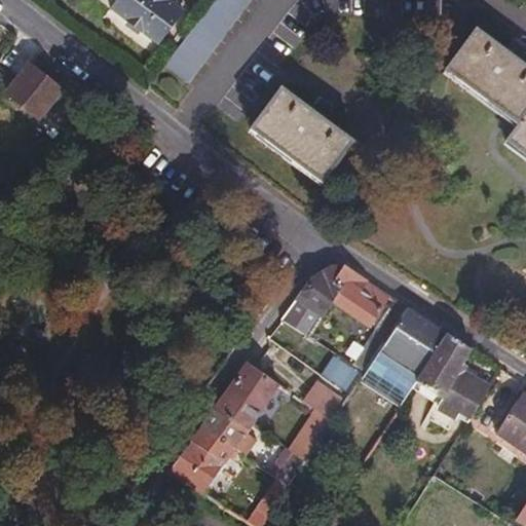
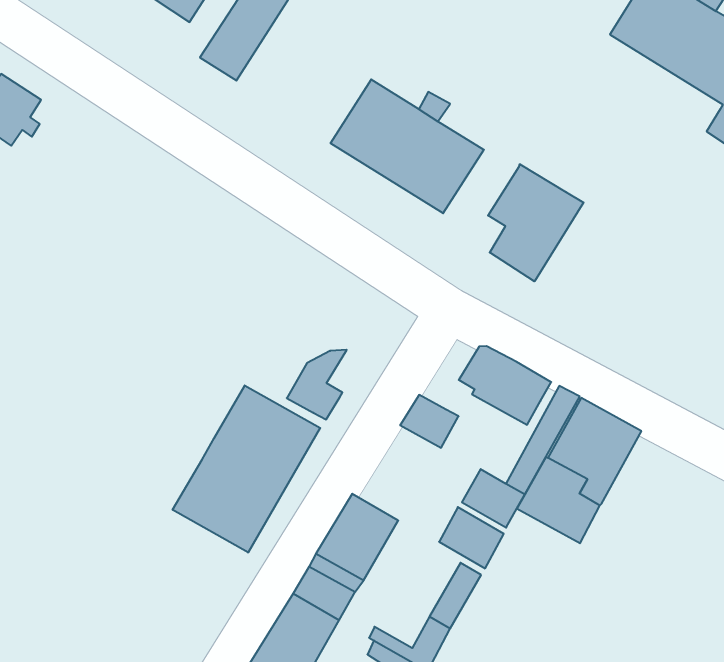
building: none -> [488,164,584,281]
building: [298,271,341,317] -> [287,350,347,419]
building: none -> [173,385,320,553]
building: [416,337,489,421] -> none

